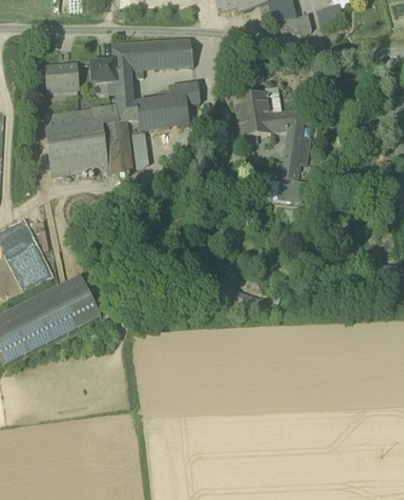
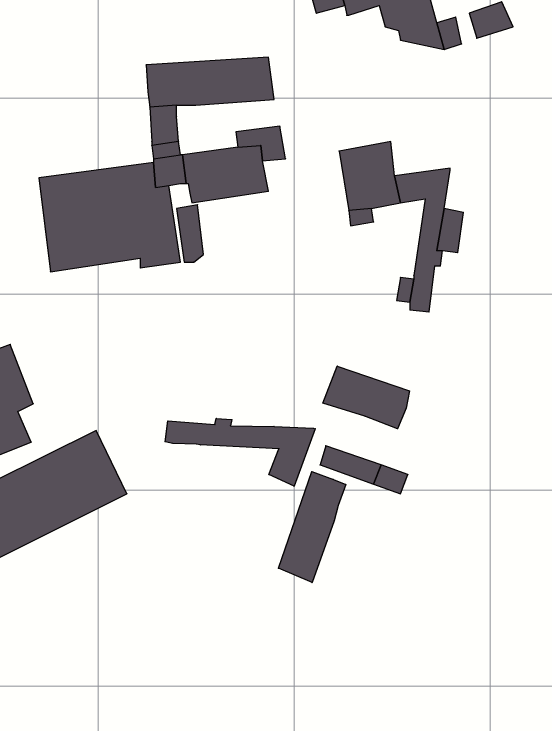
building: [91,61,116,93] -> none
building: [46,63,79,91] -> none
building: none -> [323,366,410,429]
building: none -> [165,418,315,486]
building: none -> [278,472,346,583]

